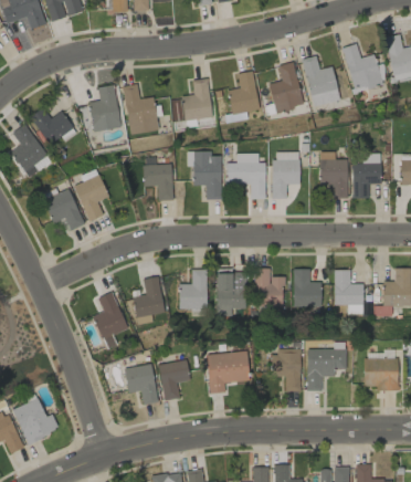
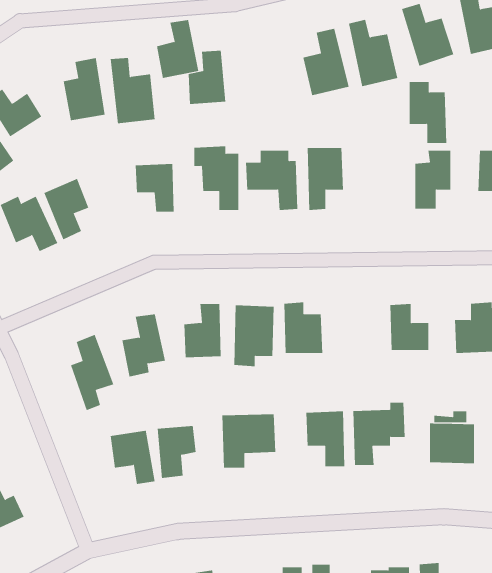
building: [228,71,260,115] -> [156,20,199,78]
building: [319,151,348,198] -> [409,82,447,143]
building: [293,269,322,307] -> none

